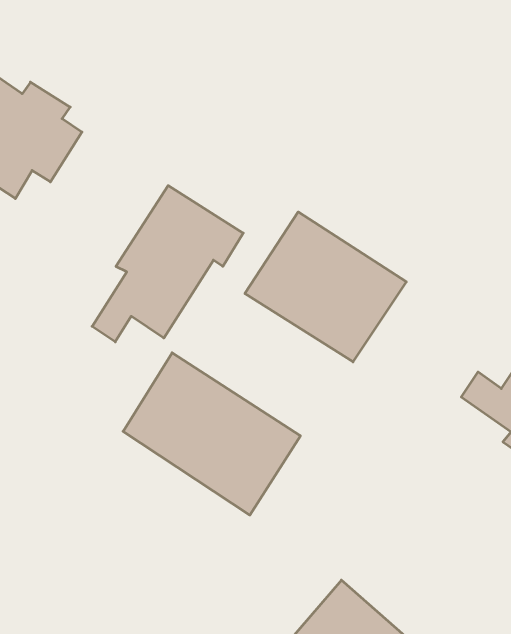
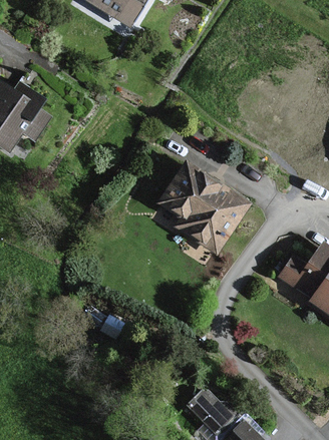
building: [92,186,243,342] -> none
building: [123,353,300,515] -> none

